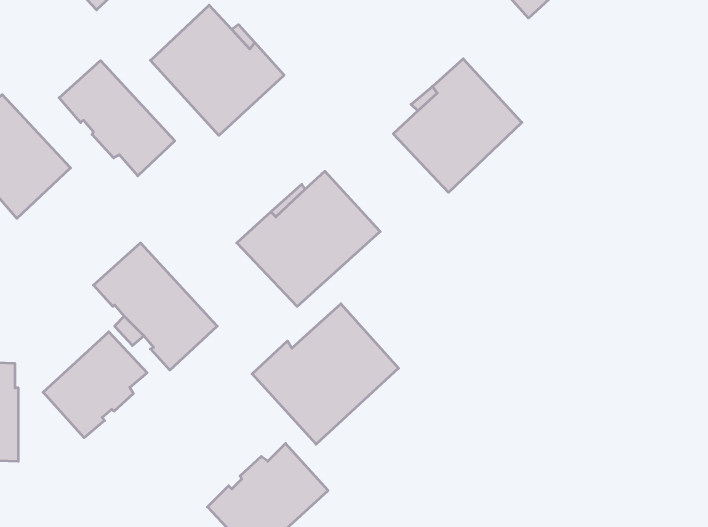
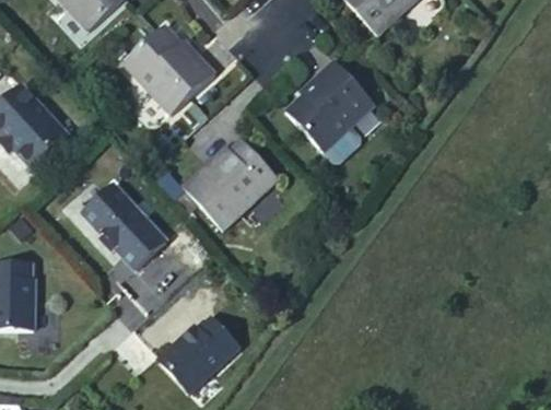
building: [59,61,175,176] -> none
building: [252,304,399,444] -> none
building: [43,332,147,438] -> none

